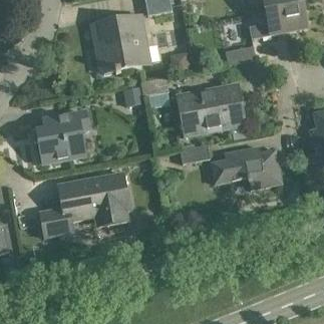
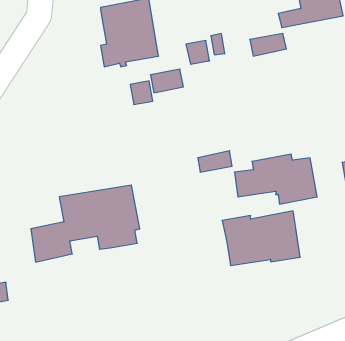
building: [179,86,245,132] -> [222,211,300,265]
building: [39,112,89,163] -> none

